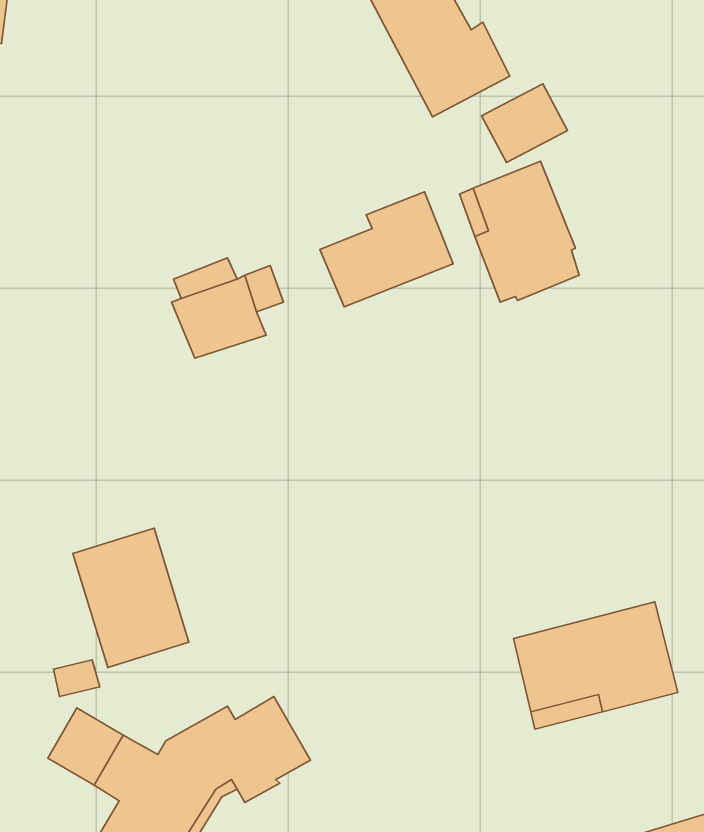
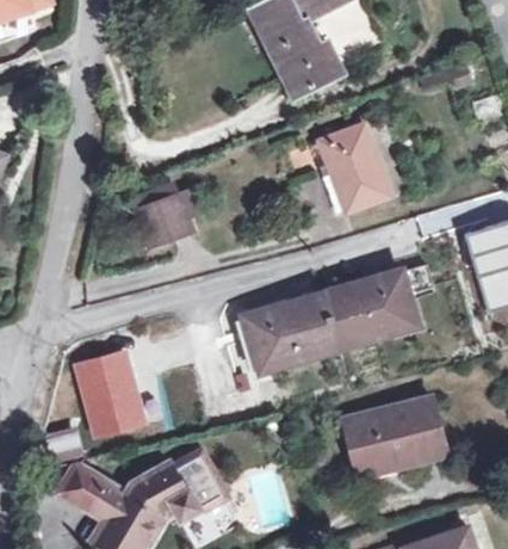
building: [482,84,568,163] -> none
building: [320,192,453,307] -> none
building: none -> [249,272,416,369]

